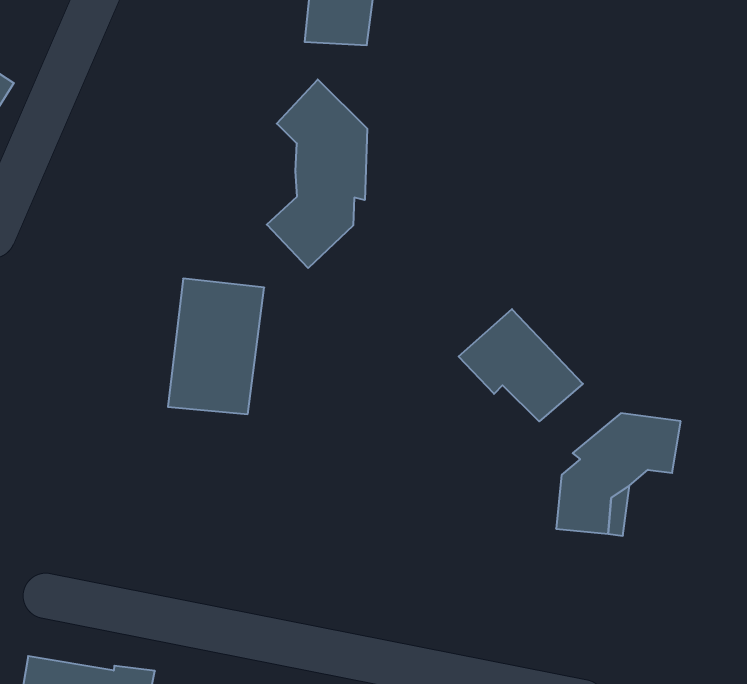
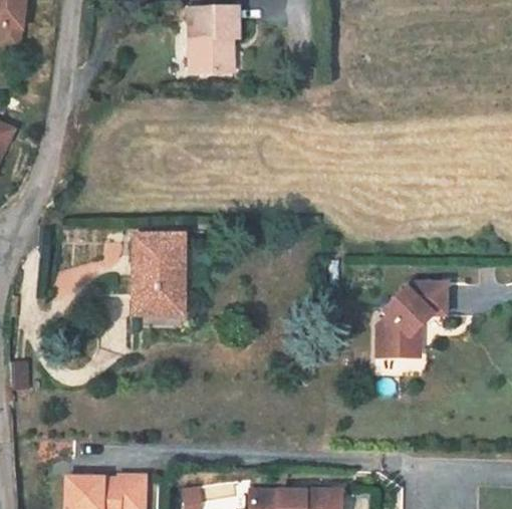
building: [267,79,367,268] -> none
building: [459,309,583,421] -> none

